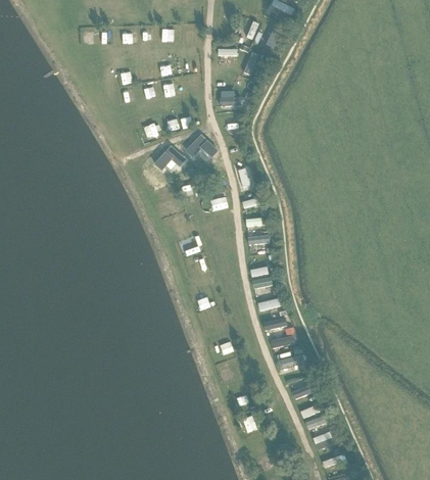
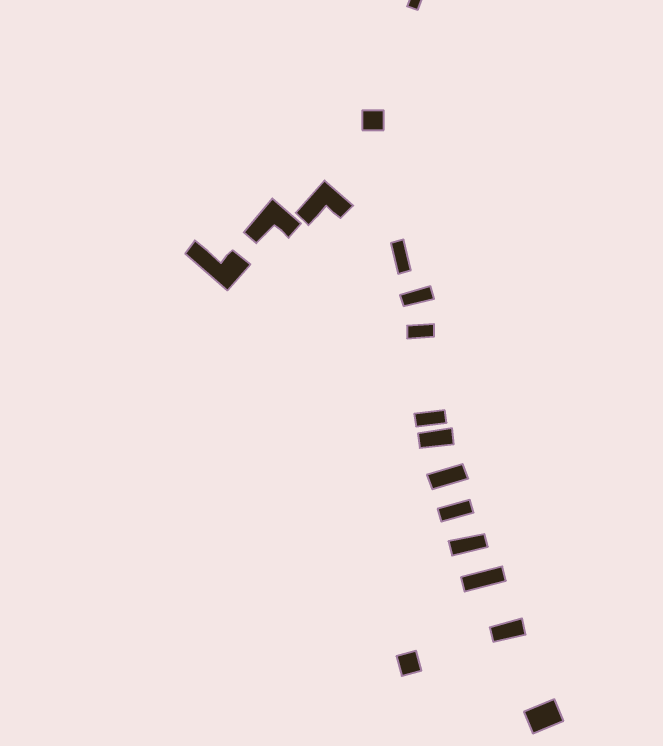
building: none -> [185,240,250,290]

